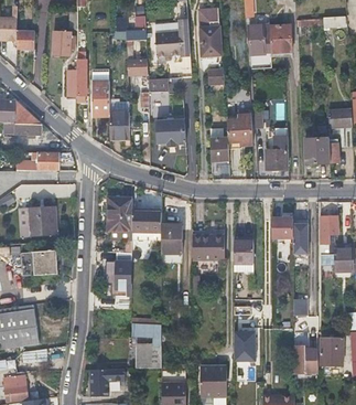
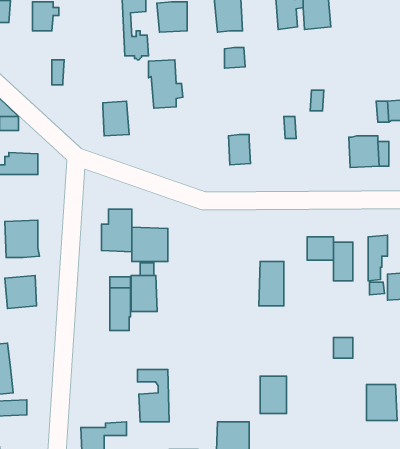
building: [93,81,109,116] -> none
building: [225,109,251,145] -> none
building: [154,118,185,143] -> none
building: [266,136,287,169] -> none
building: [161,222,182,251] -> [131,276,157,311]
building: [192,236,224,263] -> none
building: [293,347,319,372] -> none

